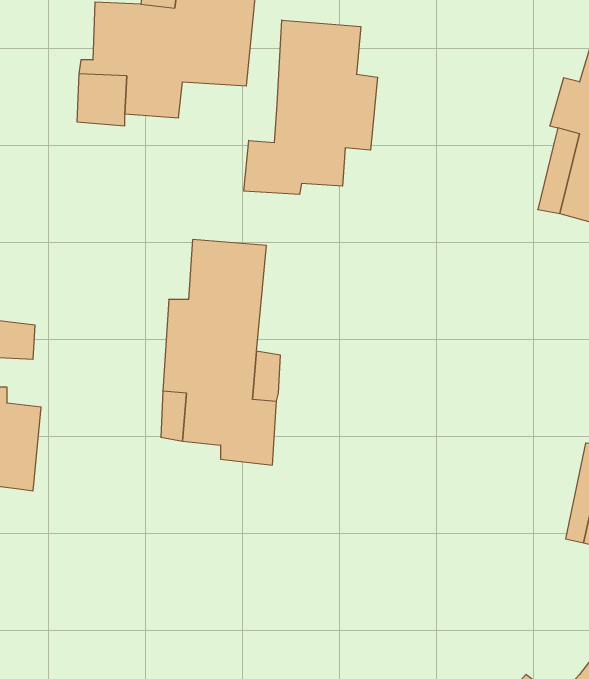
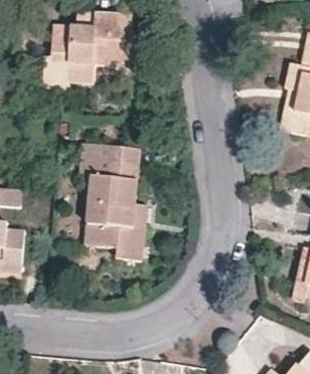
building: [244,20,378,194] -> none

